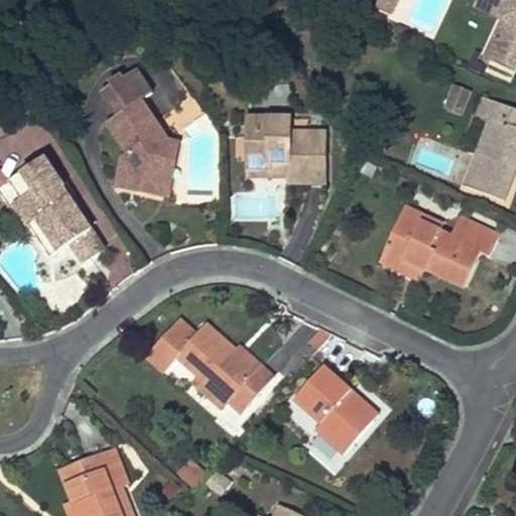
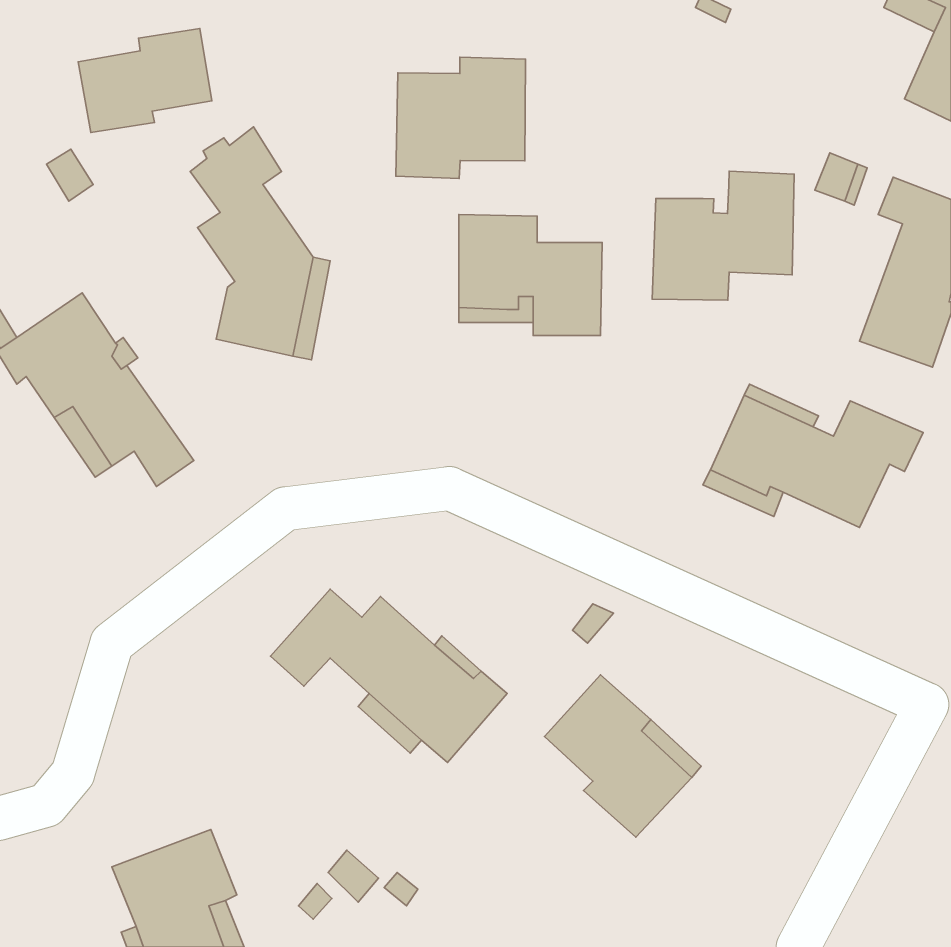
building: none -> [78,29,212,132]
building: none -> [396,57,526,178]
building: none -> [652,171,794,300]

